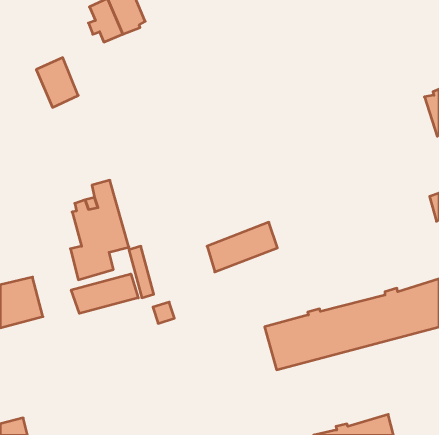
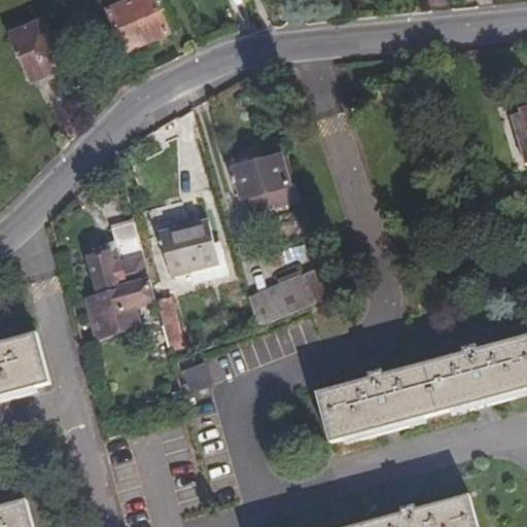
building: [36,58,78,107] -> [8,20,59,79]
building: none -> [229,153,298,204]
building: none -> [157,218,218,274]
building: [71,274,138,313] -> none

